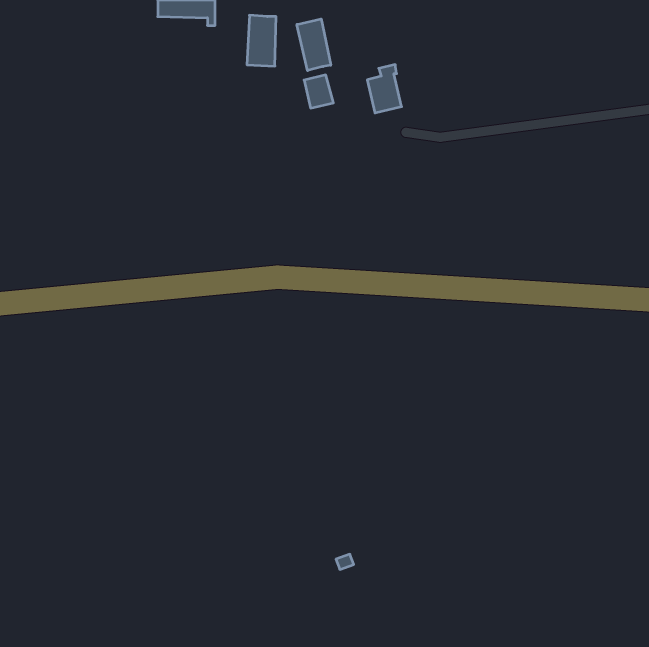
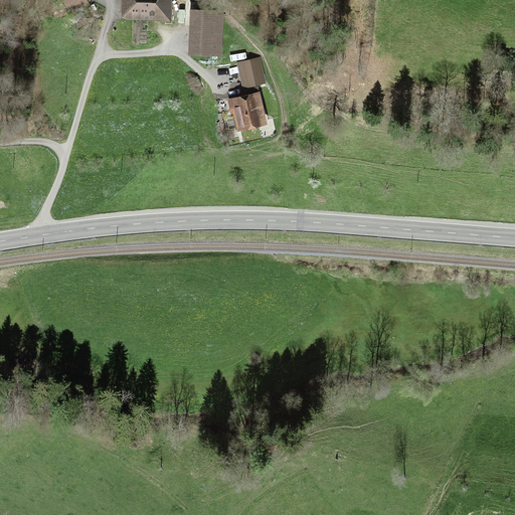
building: [297,19,331,71] -> none
building: [367,65,402,113] -> [234,90,262,128]

